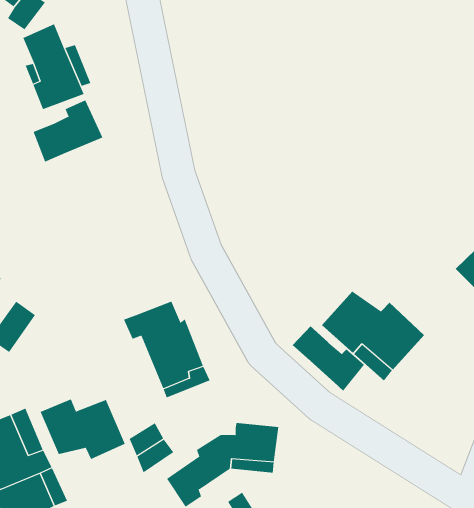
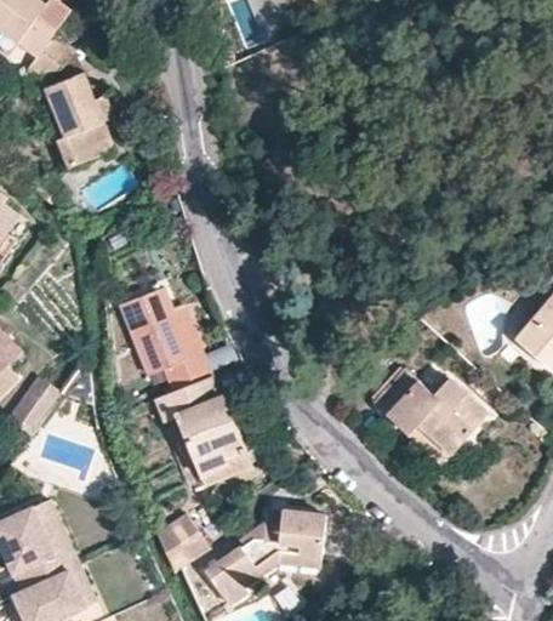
building: [33,100,103,162] -> none
building: none -> [119,286,209,391]
building: [292,325,365,391] -> none
building: [40,398,126,460] -> none

